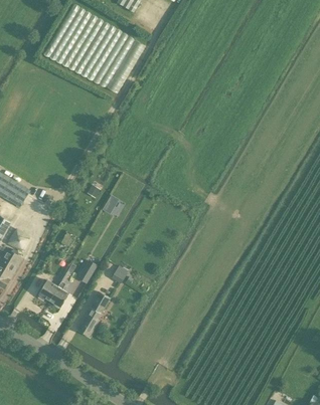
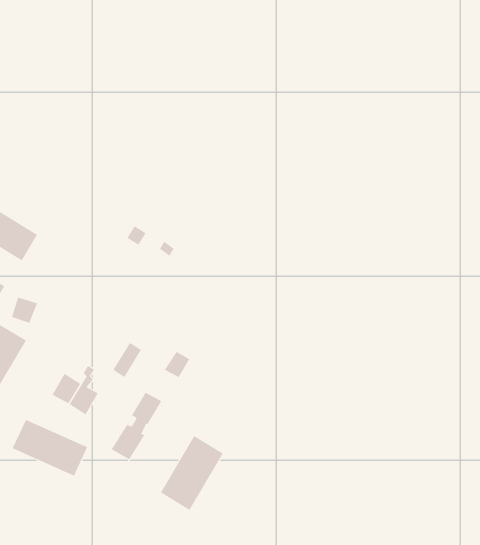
building: none -> [12,419,88,476]
building: none -> [160,435,223,511]

